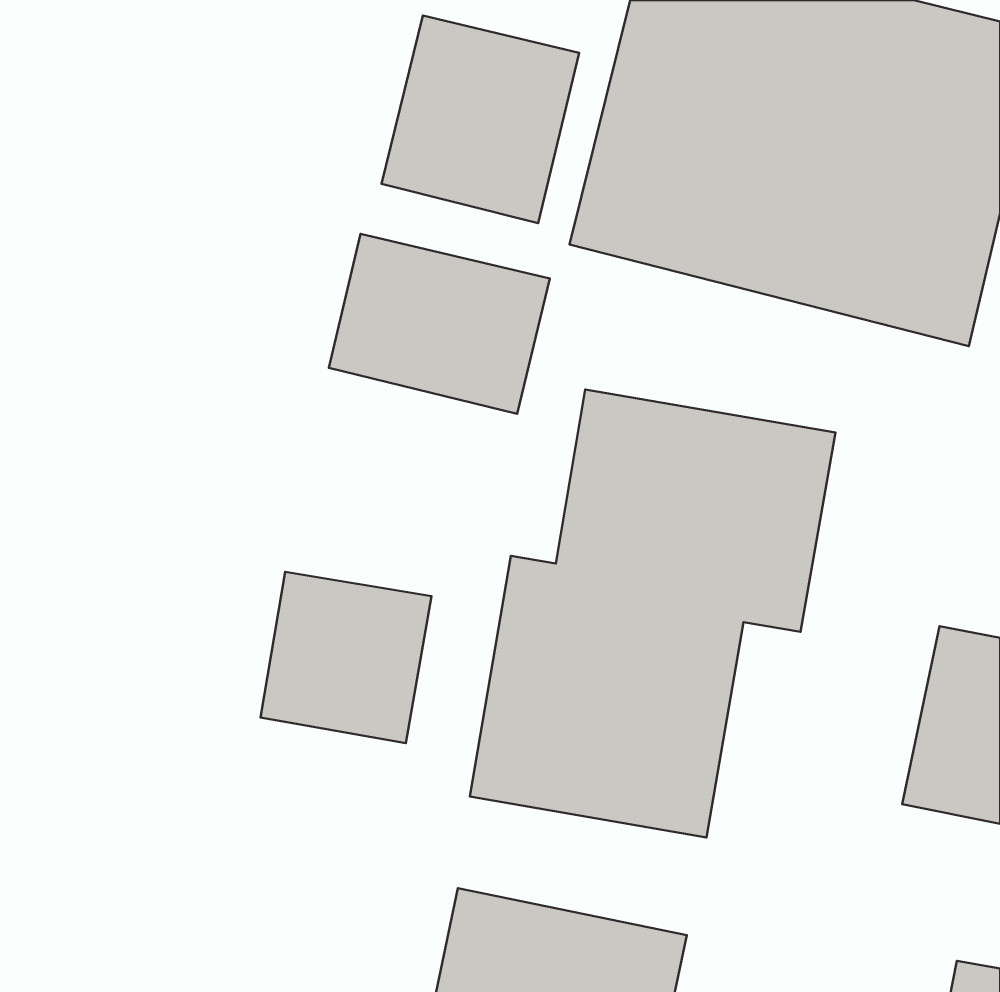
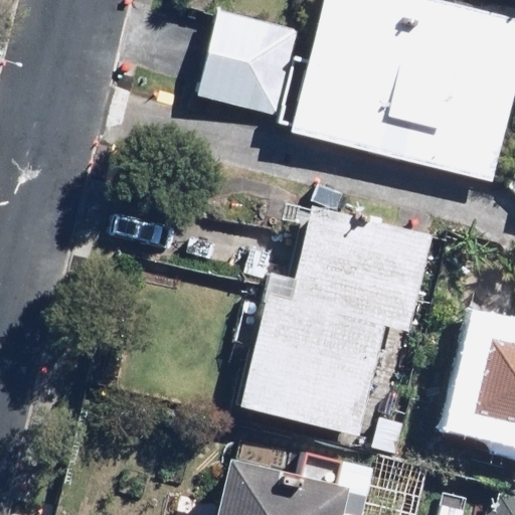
building: [329,234,550,414] -> none
building: [260,572,431,743] -> none

